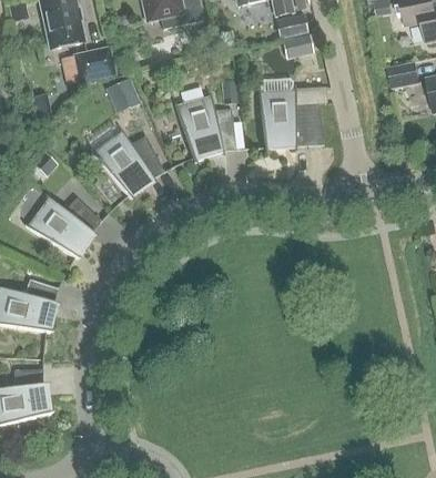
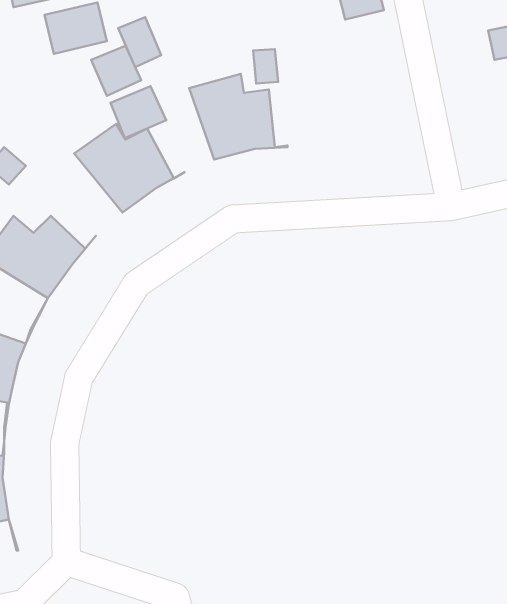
building: none -> [118,17,161,67]
building: [244,77,323,148] -> none
building: none -> [110,86,166,138]

